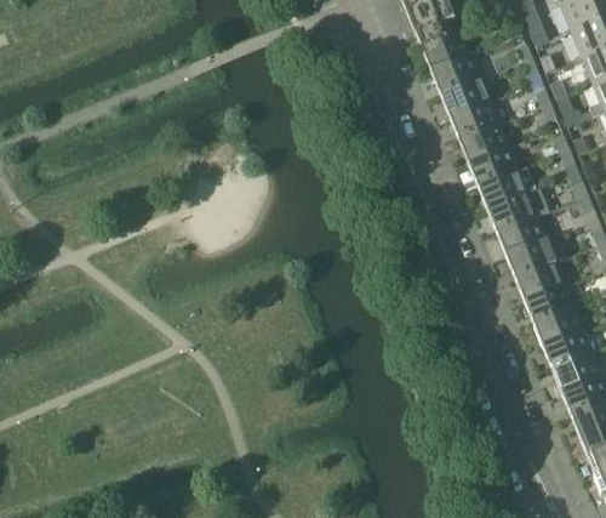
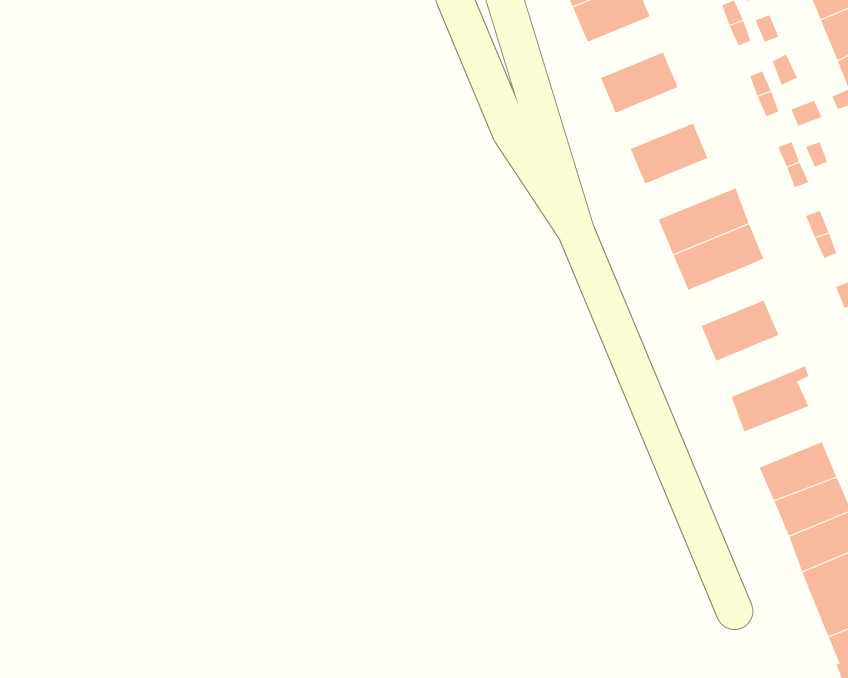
building: [431,53,481,93] -> none
building: [450,99,501,140] -> none
building: [469,146,519,186] -> none
building: [497,215,547,255] -> none
building: [515,261,566,301] -> none
building: [533,307,584,347] -> none

